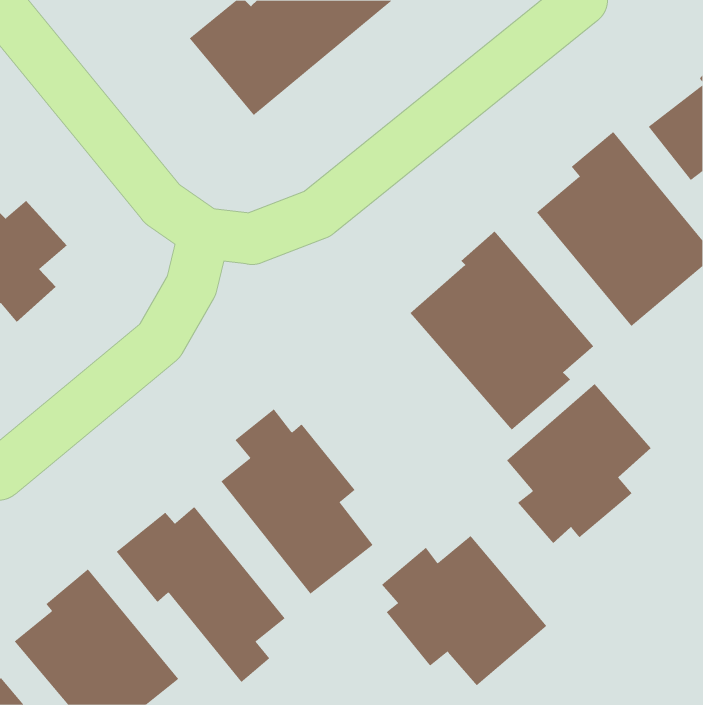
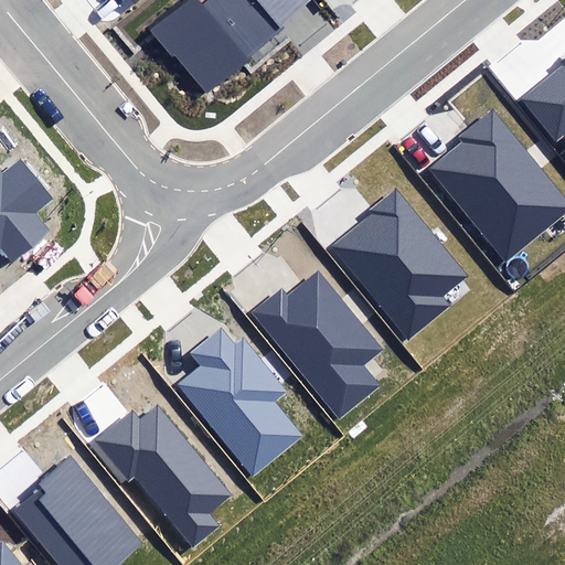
building: none -> [252,270,382,417]
building: [506,383,652,544] -> none
building: [381,535,547,686] -> none

